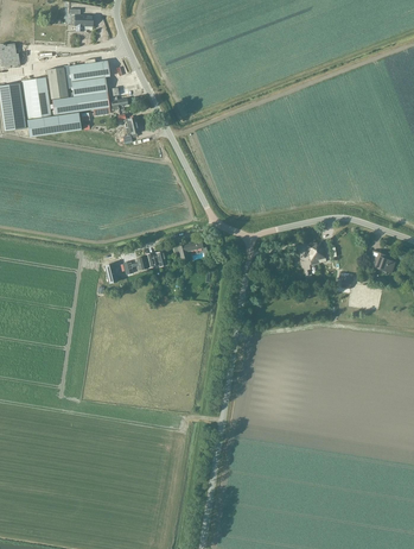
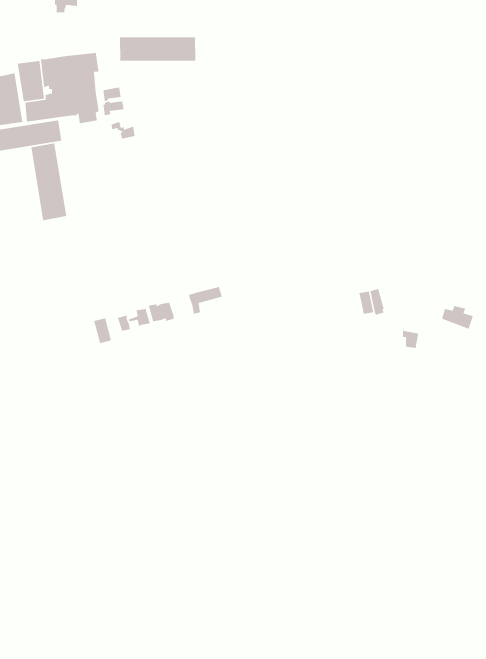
building: none -> [119,36,196,61]
building: none -> [30,142,67,221]

